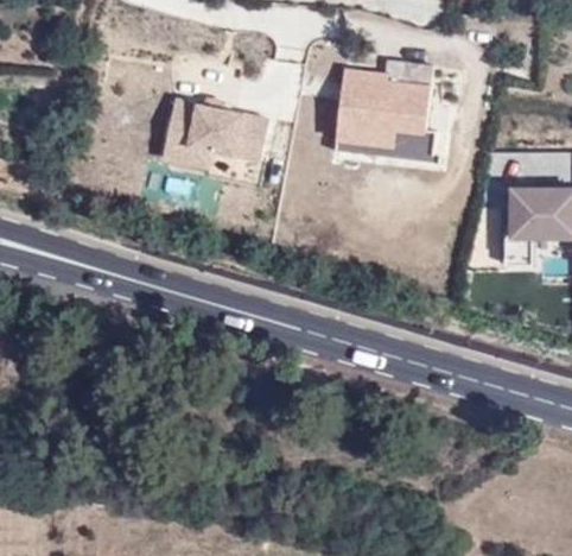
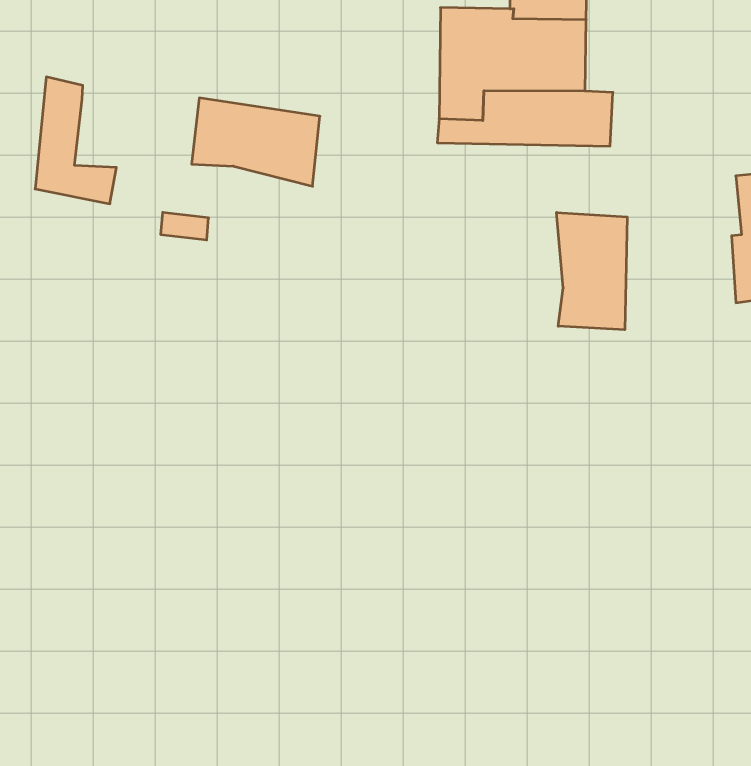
building: [161,93,211,172] -> [35,77,116,204]
building: none -> [557,212,627,330]

